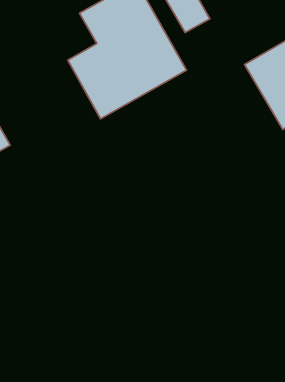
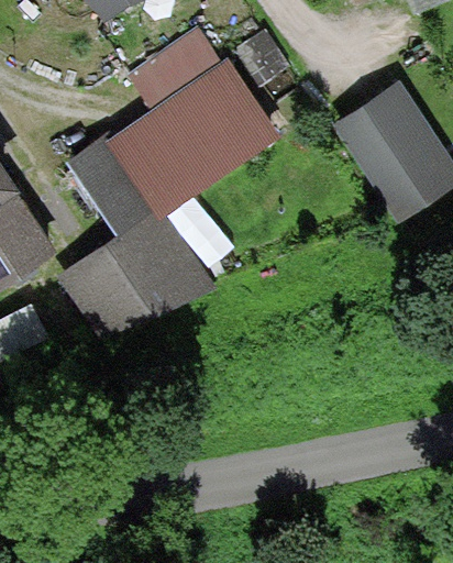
building: none -> [70,145,202,332]

